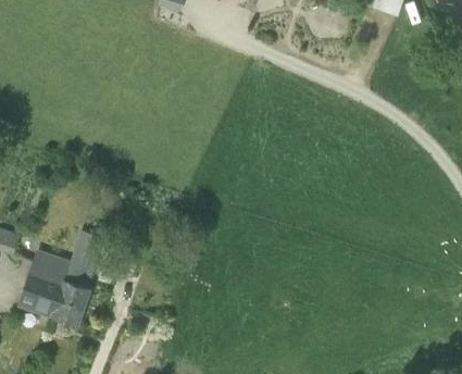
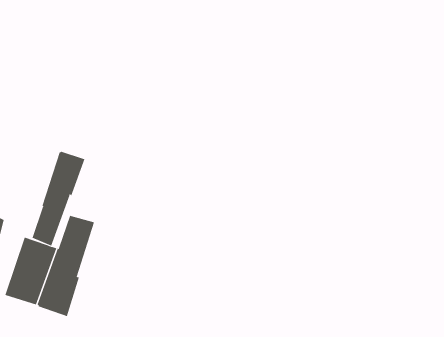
building: none -> [32,151,85,246]

